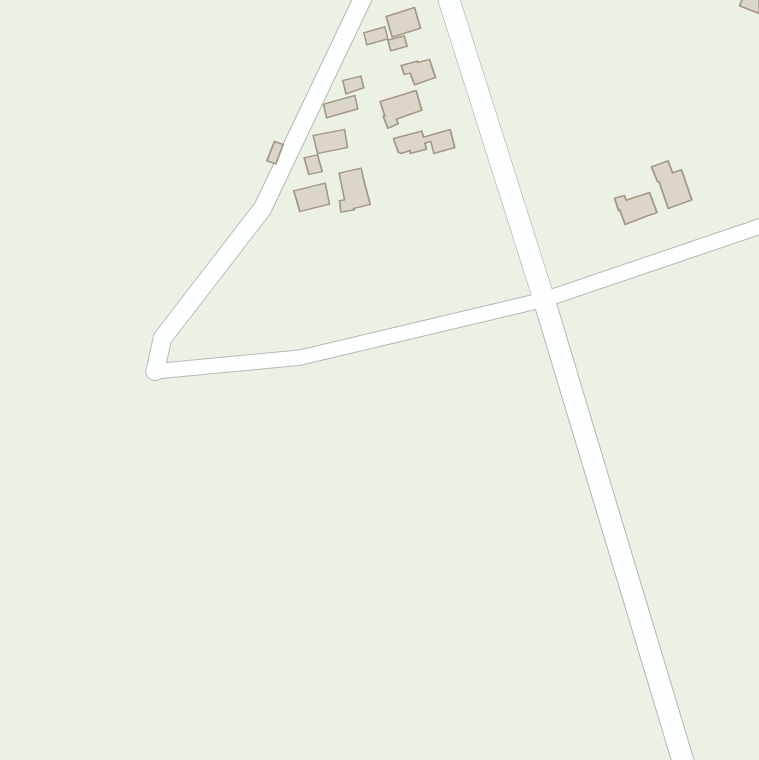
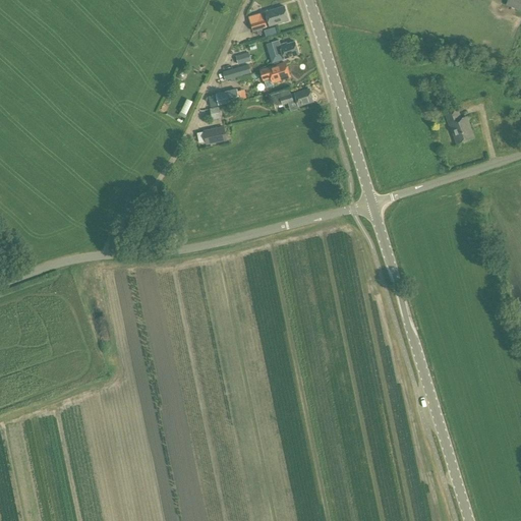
building: [339,168,370,212] -> none
building: [614,193,657,225] -> none

